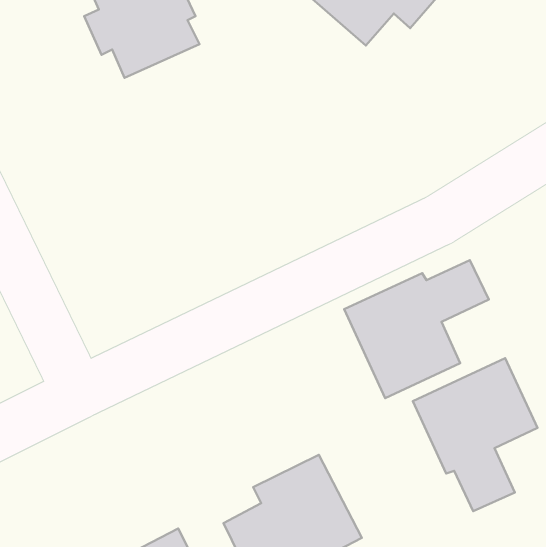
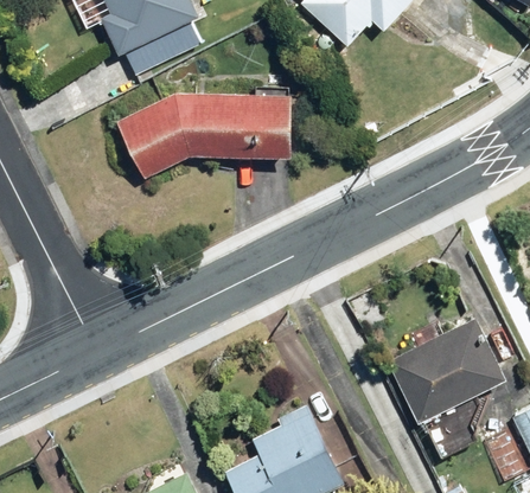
building: none -> [116,91,292,179]
building: [344,260,489,398] -> none

